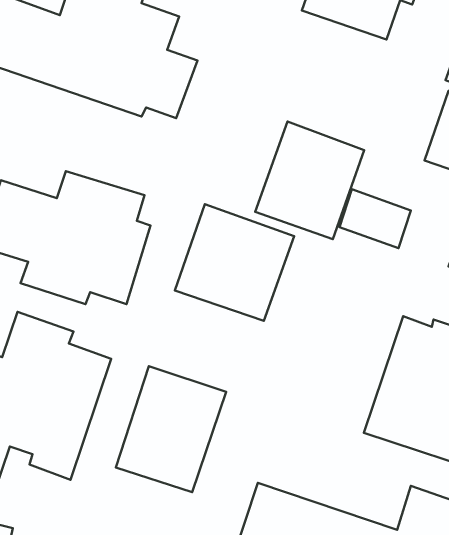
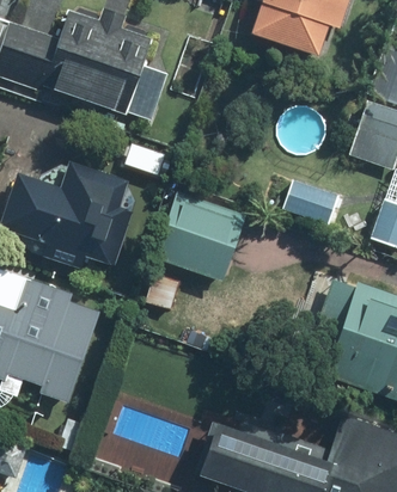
building: [255,121,364,239] -> none
building: [116,366,226,492] -> none

